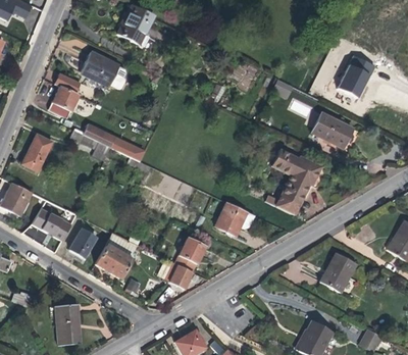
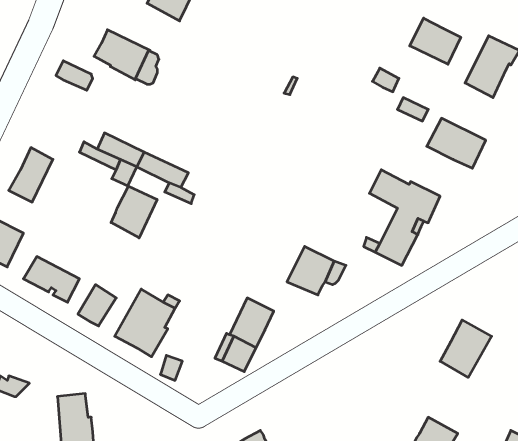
building: none -> [410,18,461,64]
building: [50,86,80,117] -> none
building: none -> [111,186,157,238]

